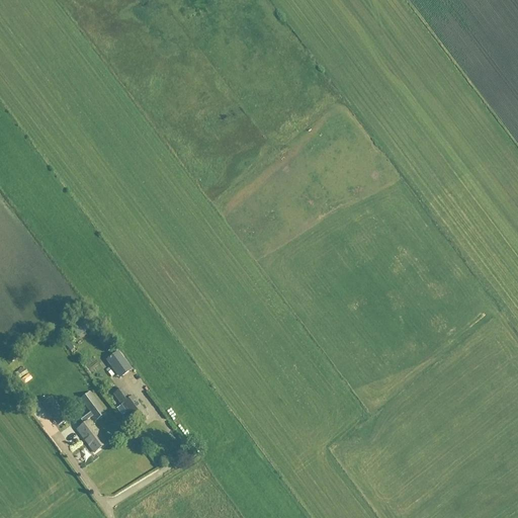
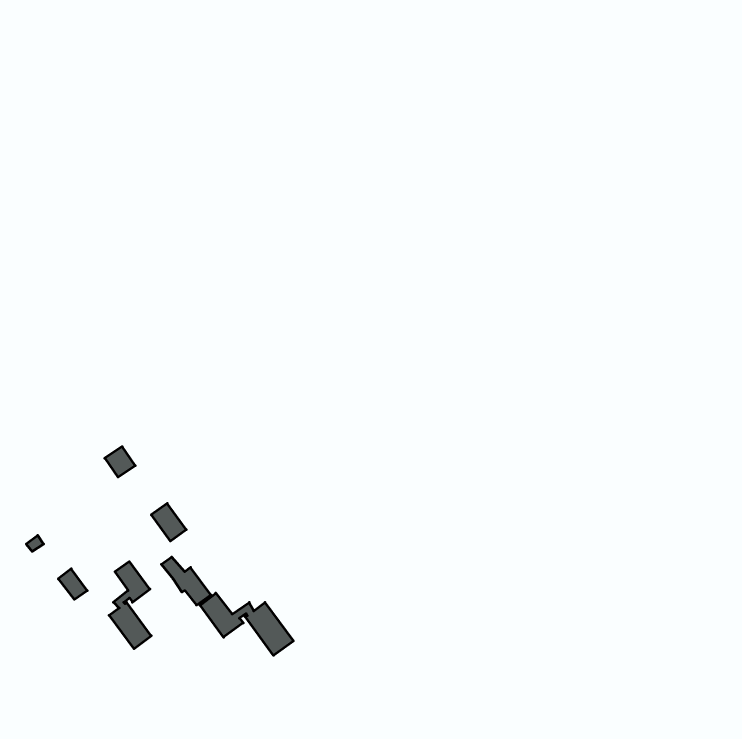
building: none -> [200,593,293,655]

